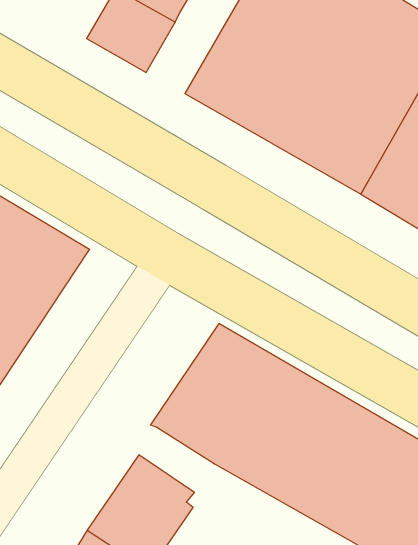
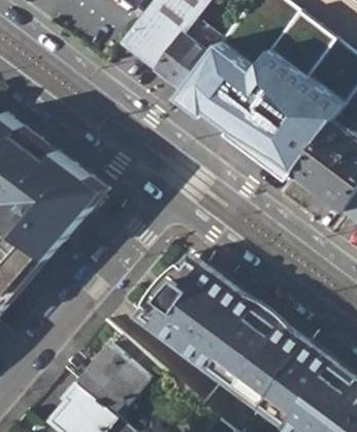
building: none -> [157,35,209,90]

